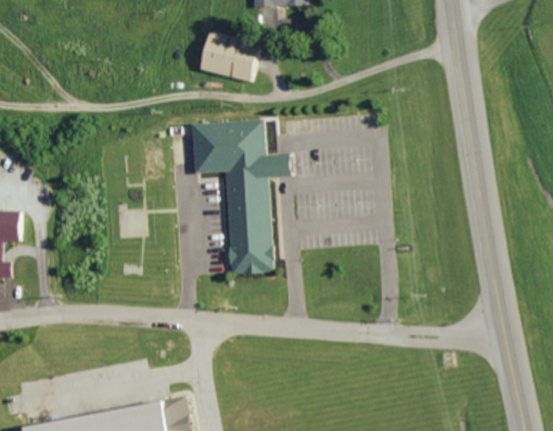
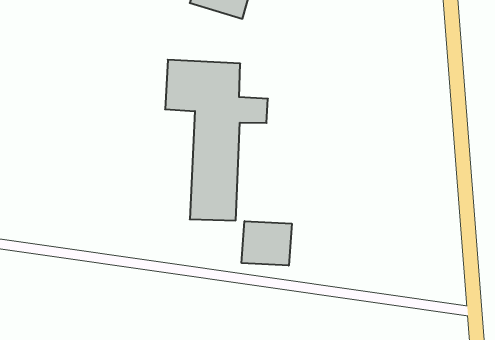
building: none -> [242,221,292,266]

